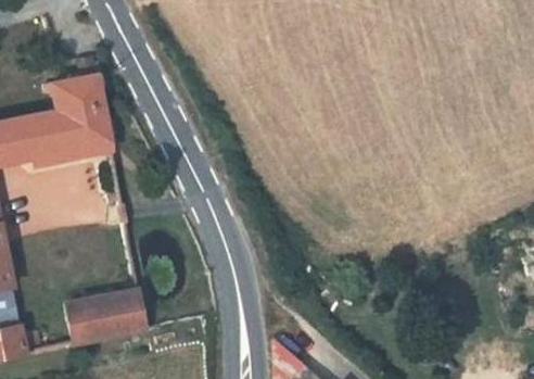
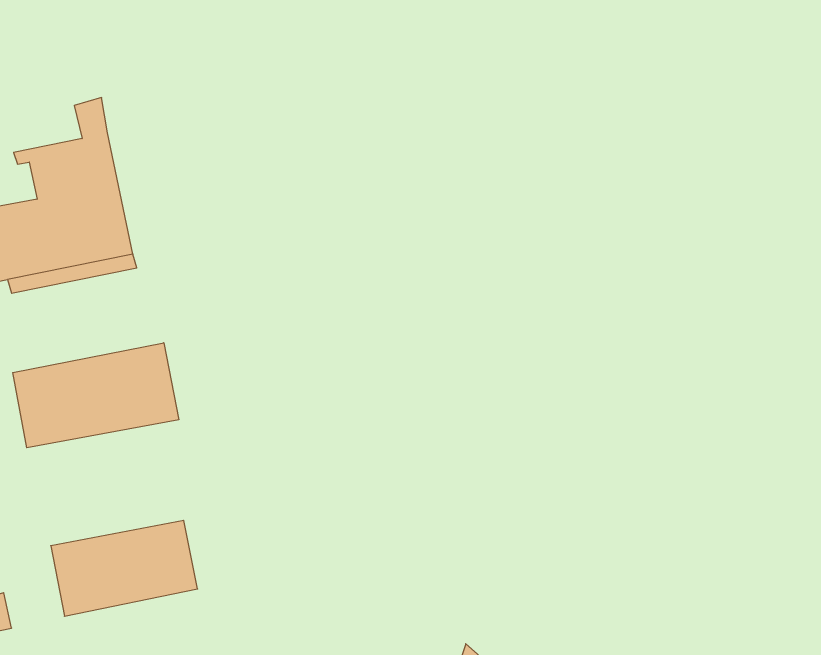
building: none -> [13,343,179,448]

